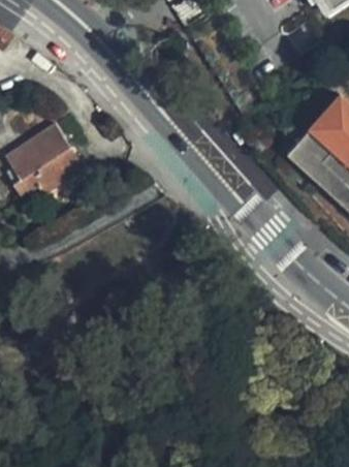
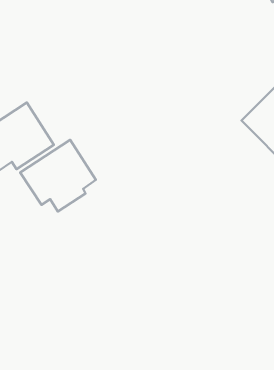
building: none -> [20,140,96,212]

